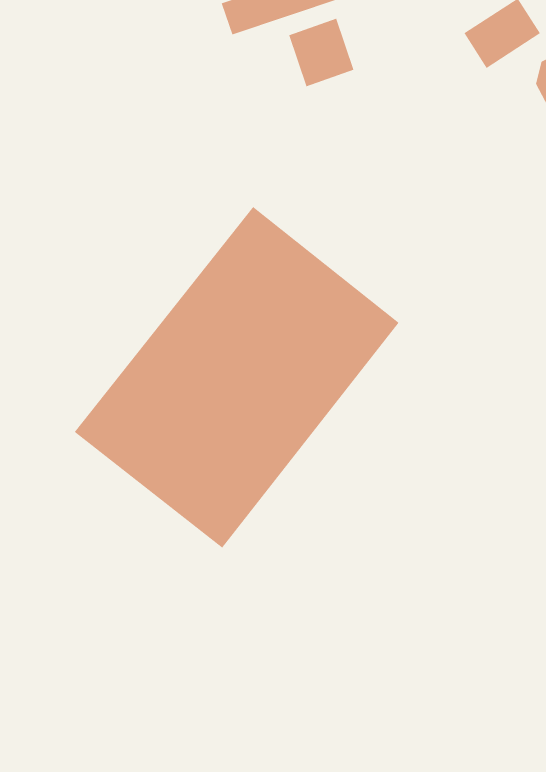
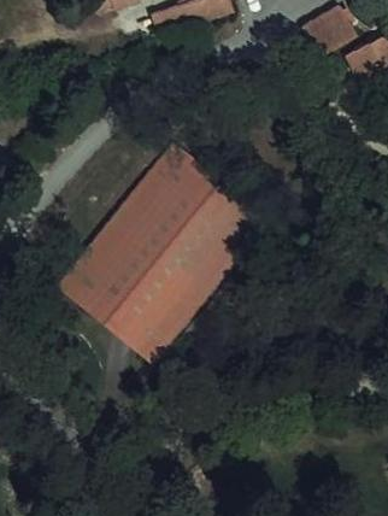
building: [288,18,354,87] -> none

